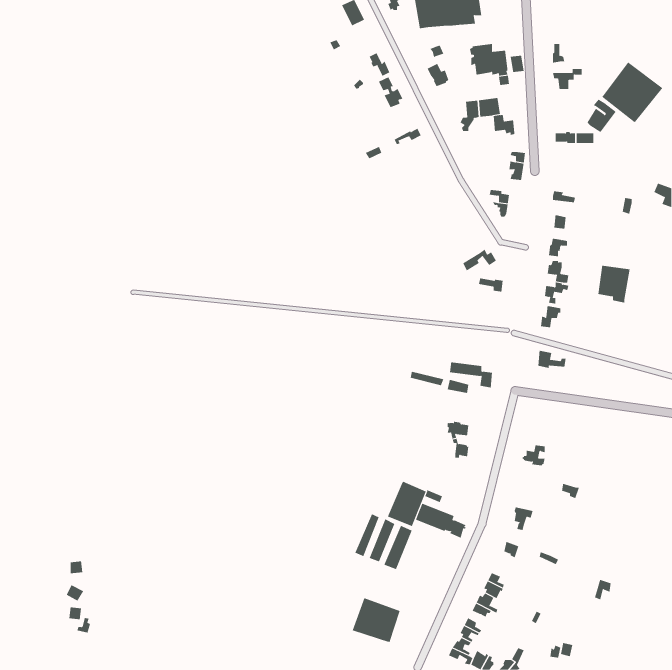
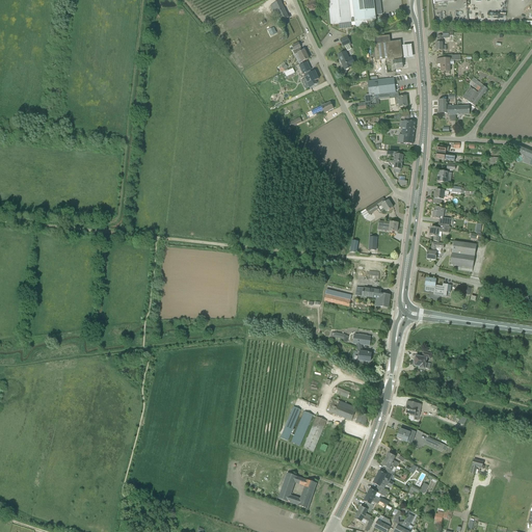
building: [601,62,663,123] -> none
building: [598,265,630,303] -> [450,240,476,270]
building: [387,481,426,527] -> none

